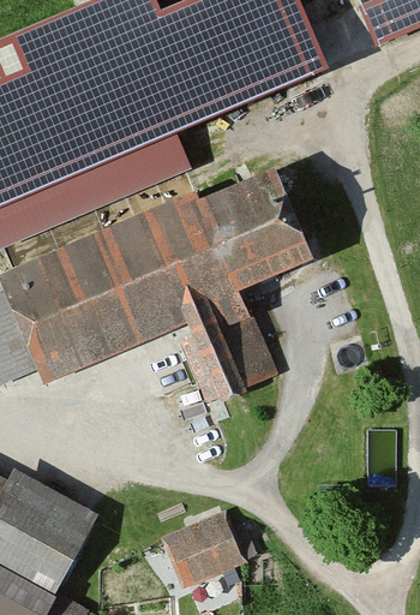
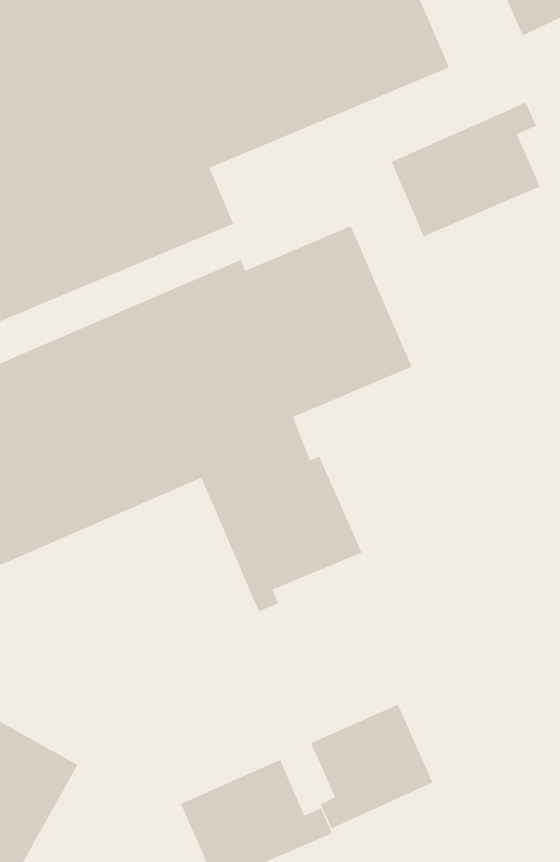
building: none -> [391,102,540,237]
building: none -> [310,704,433,829]

